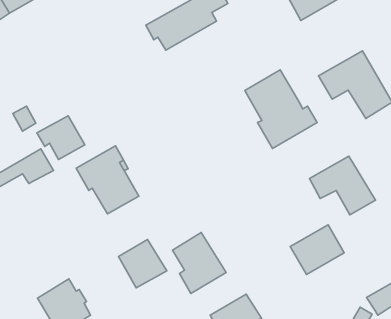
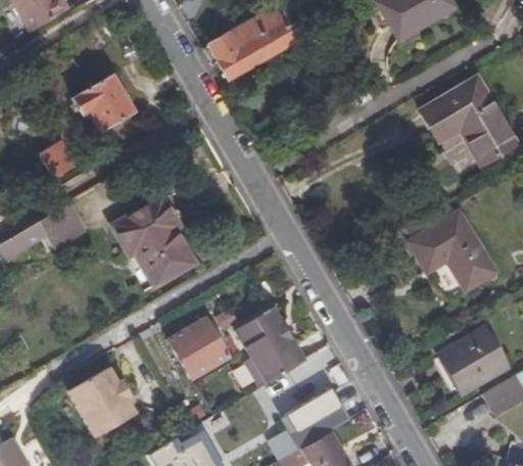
building: [245,70,317,148] -> none
building: [37,116,85,159] -> [73,76,134,131]
building: [290,225,344,275] -> [436,330,505,393]

